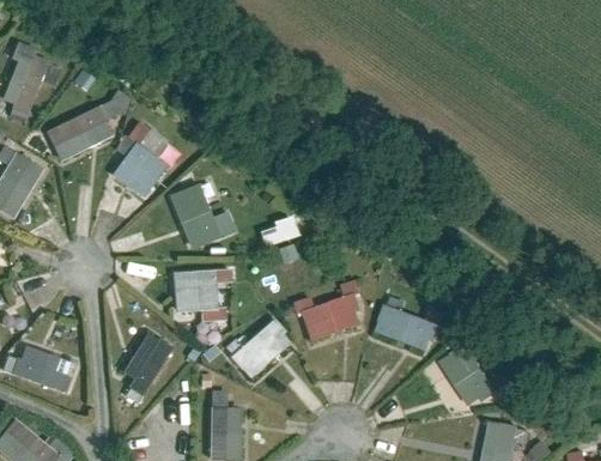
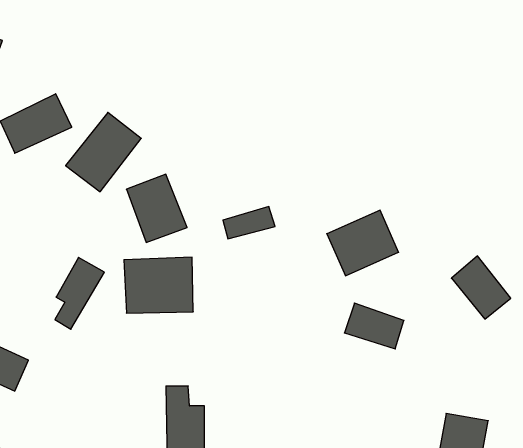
building: [296,280,365,344] -> [327,210,399,276]
building: [225,315,293,381] -> none
building: [126,334,174,404] -> [55,257,104,329]
building: [441,341,498,402] -> [451,256,511,319]

